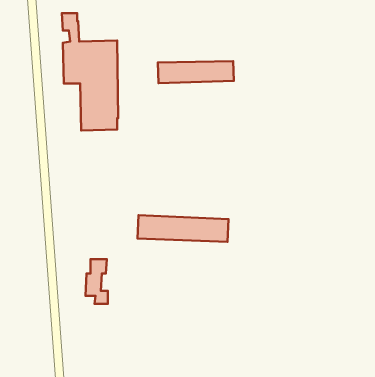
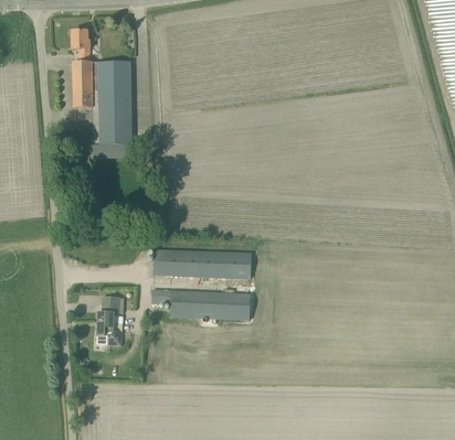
building: [158,61,234,83] -> none
building: none -> [152,289,251,319]

